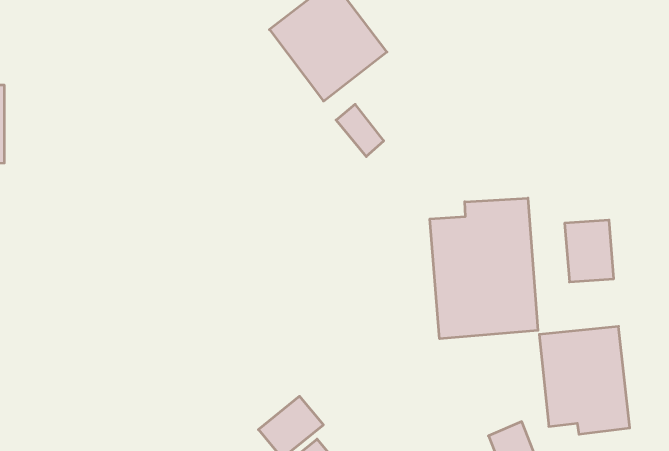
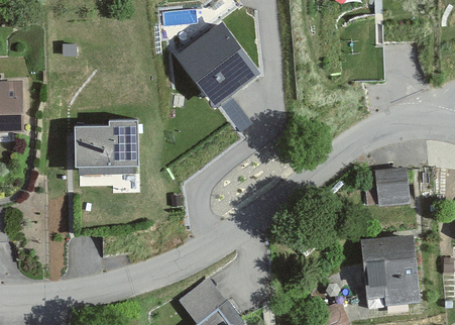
building: none -> [69,121,130,174]
building: [430,198,538,339] -> none

